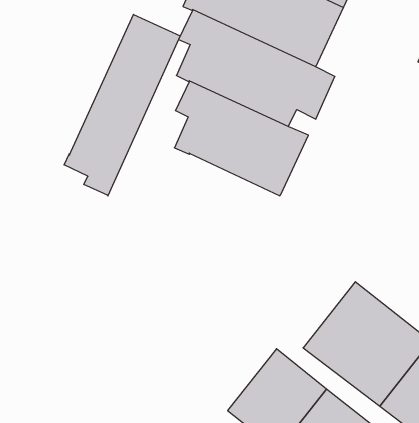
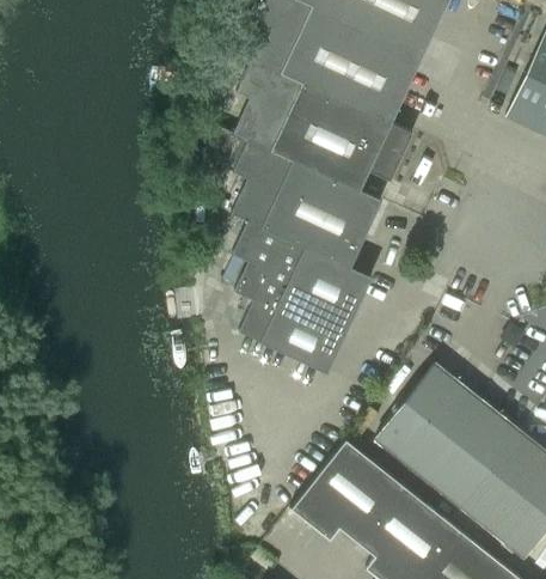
building: [64,14,180,196] -> none
building: none -> [233,219,373,372]

